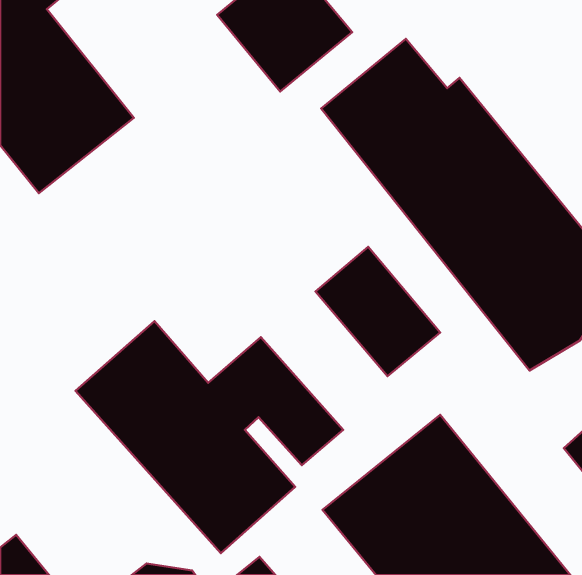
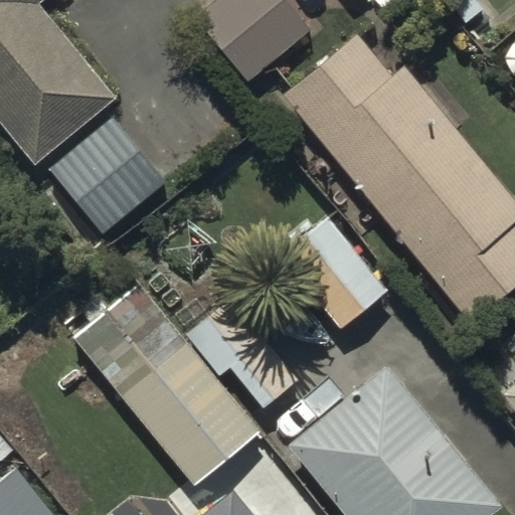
building: none -> [50,120,166,233]

